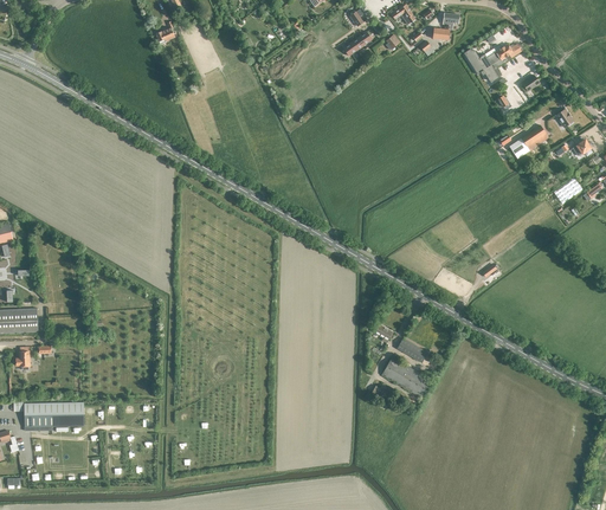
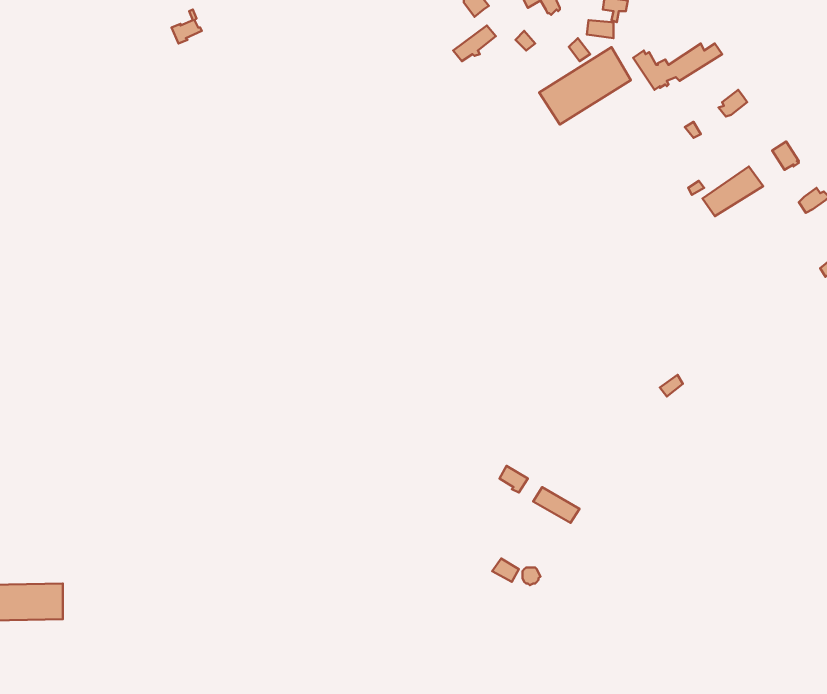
building: none -> [539,47,631,124]
building: [380,357,430,398] -> none

